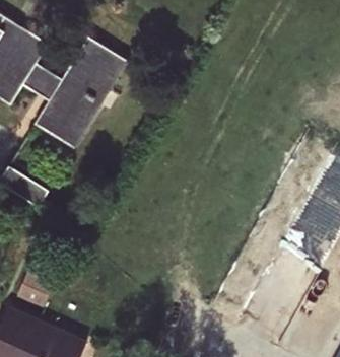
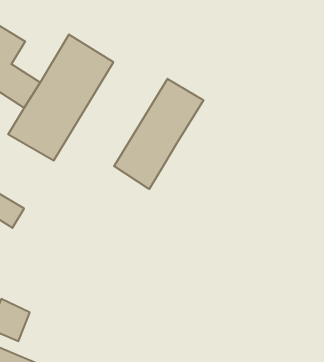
building: none -> [114,79,203,189]

